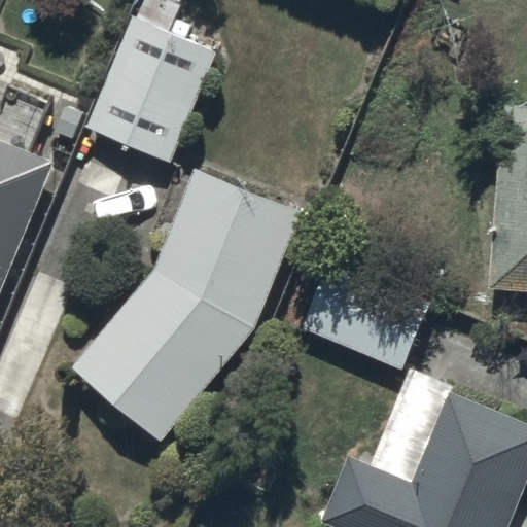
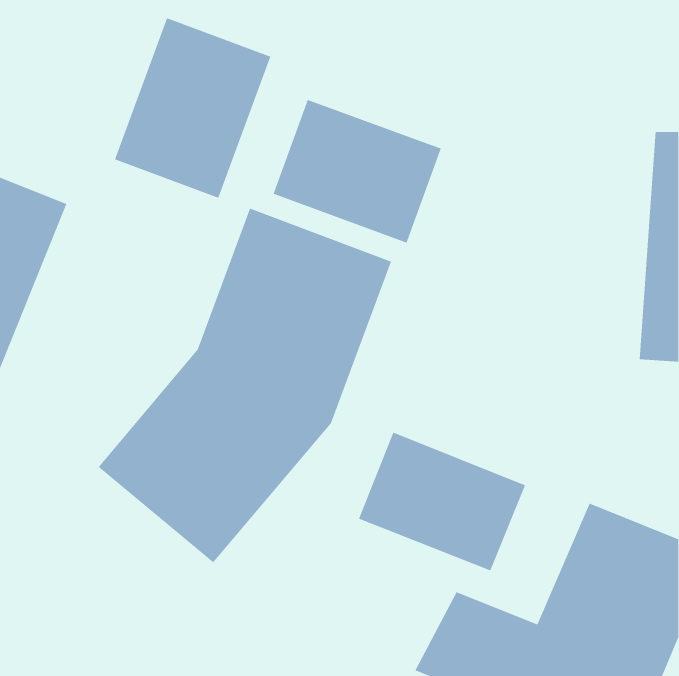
building: none -> [273,99,441,243]
building: [301,264,429,371] -> [358,432,526,571]

